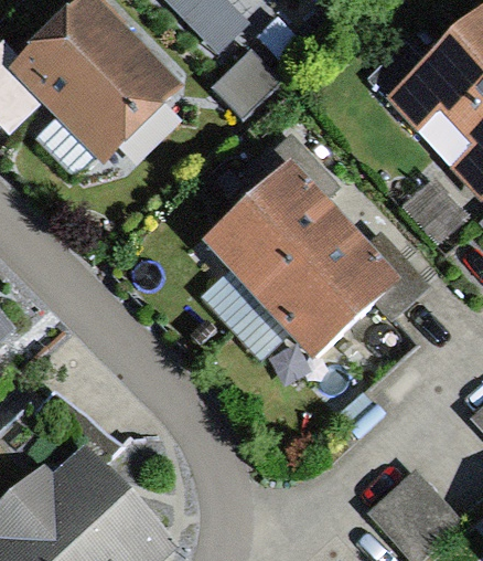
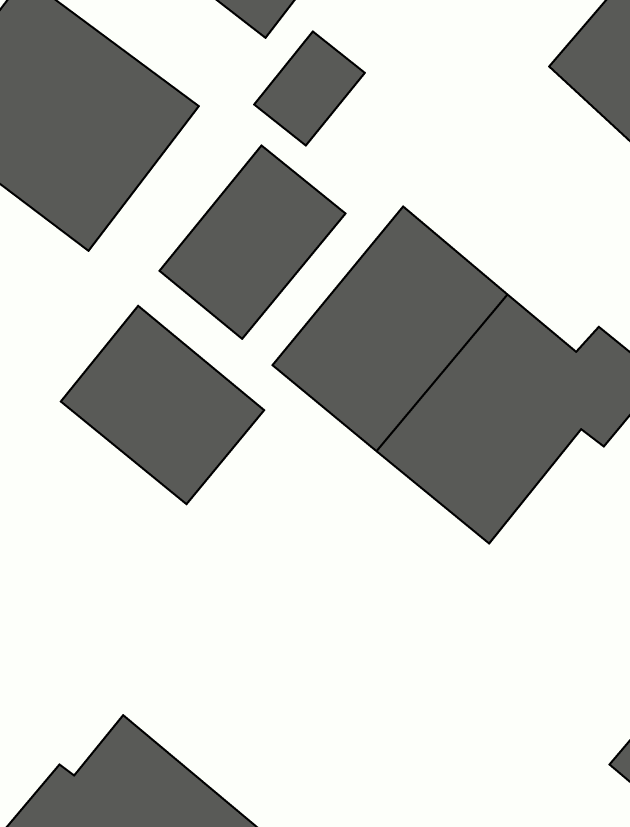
building: none -> [160,146,346,339]
building: none -> [61,306,264,504]

